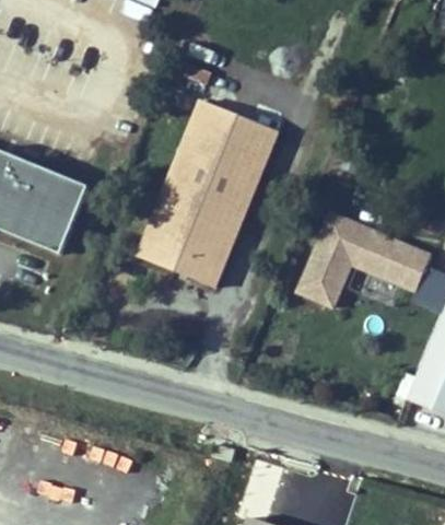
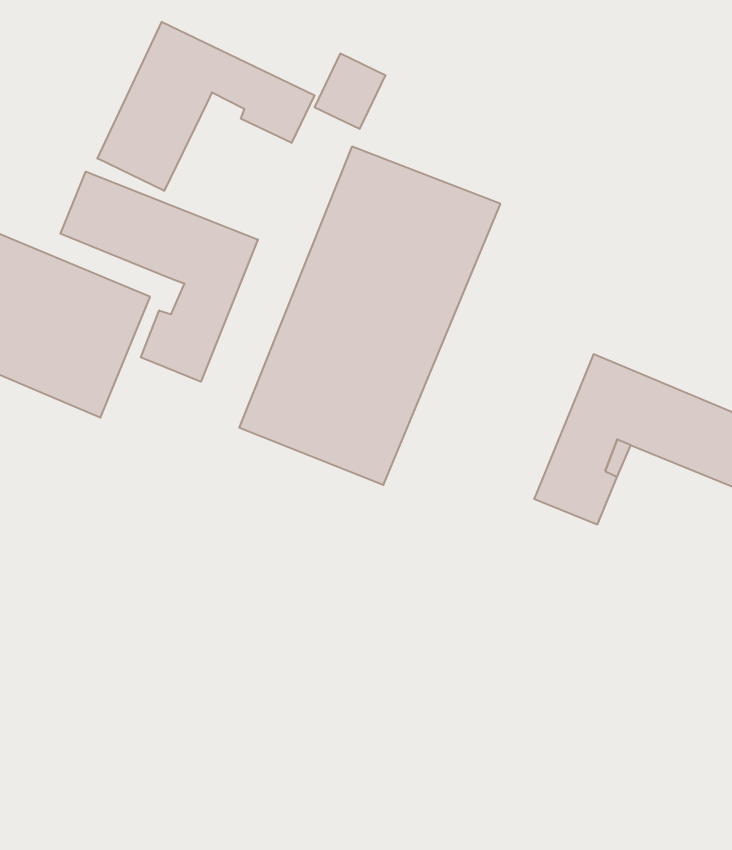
building: none -> [97,22,315,191]
building: none -> [60,172,258,382]

